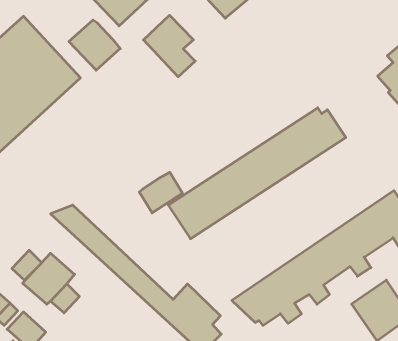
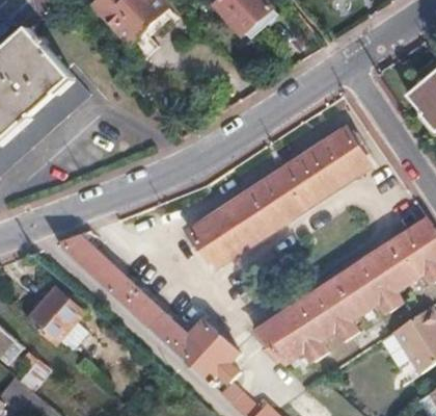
building: [143,15,195,77] -> none
building: [69,20,120,70] -> none
building: [139,172,182,213] -> none

